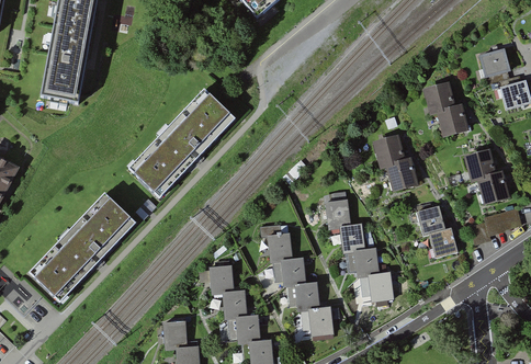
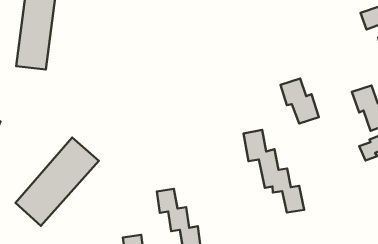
building: [423,81,467,136] -> none
building: [128,89,235,197] -> none
building: [416,204,456,255] -> none
building: [259,221,332,333] -> none

